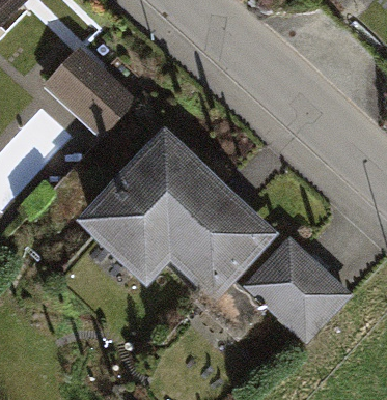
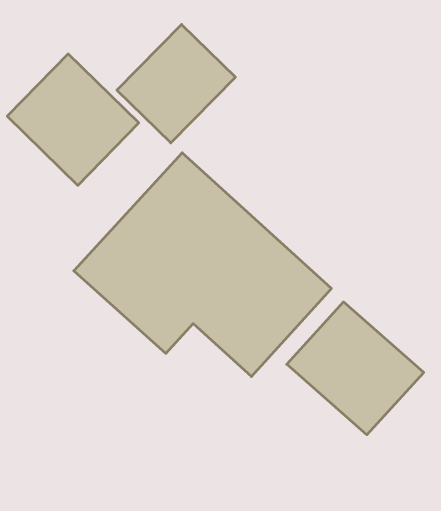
building: none -> [117,24,235,143]

